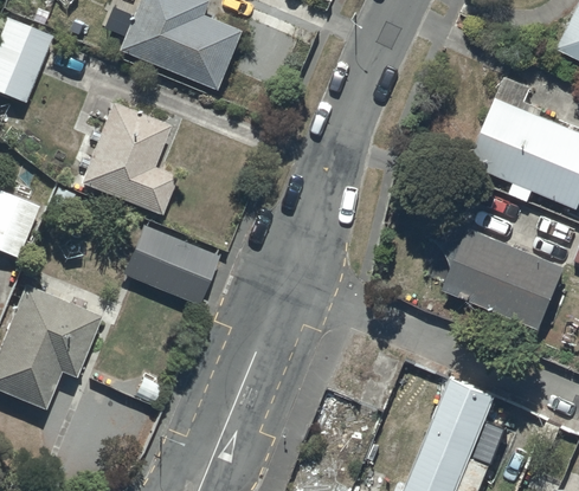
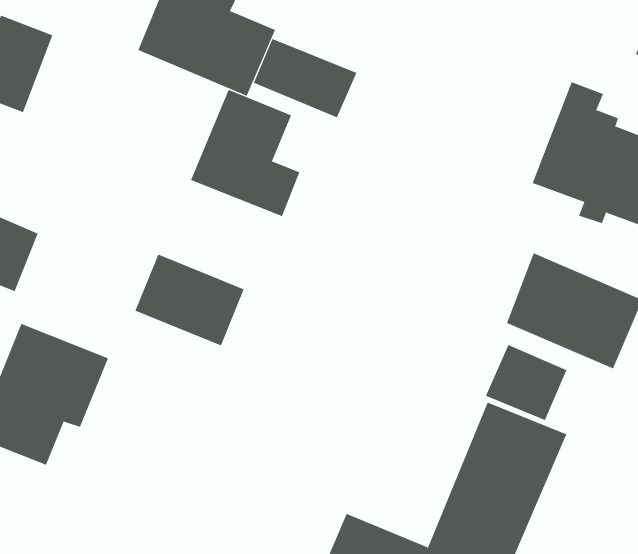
building: none -> [253,38,357,118]
building: [79,106,175,218] -> [190,89,300,217]
building: none -> [485,344,567,421]

